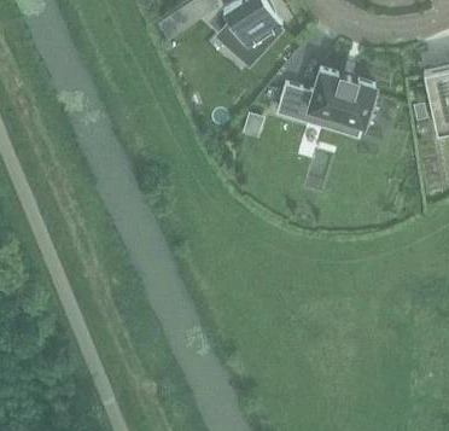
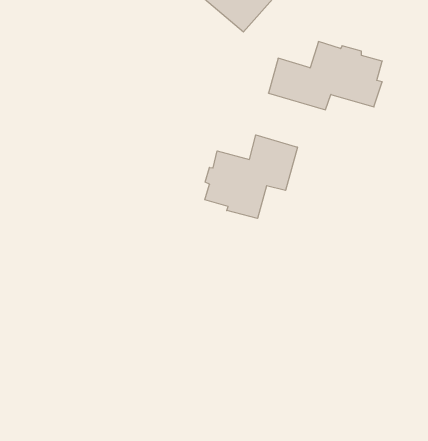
building: none -> [205,135,297,218]

